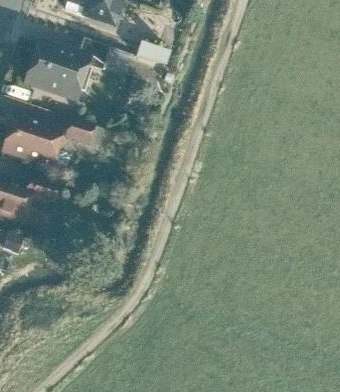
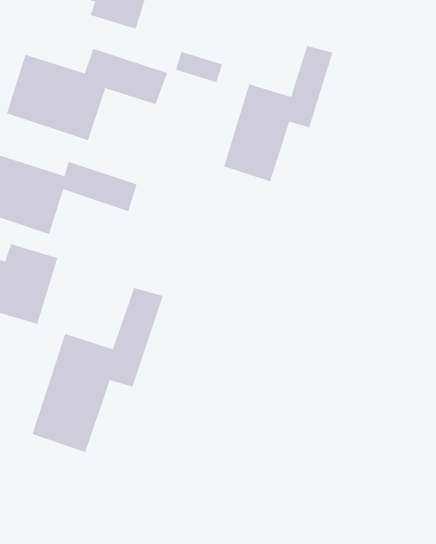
building: none -> [223,45,333,182]
building: none -> [32,287,163,453]

